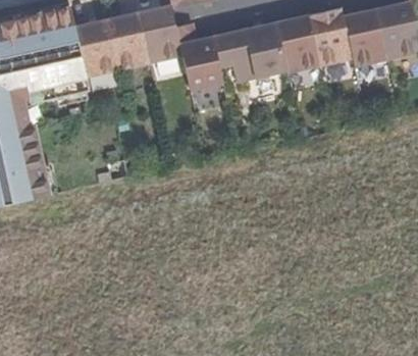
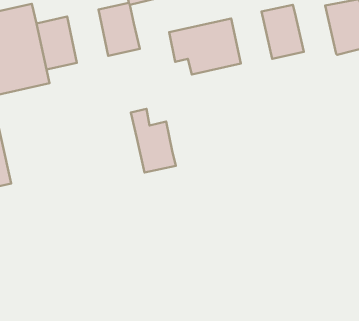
building: [343,9,385,66] -> none
building: [106,13,149,68] -> none
building: [276,15,319,72] -> none
building: [175,23,222,90] -> [131,109,176,173]

